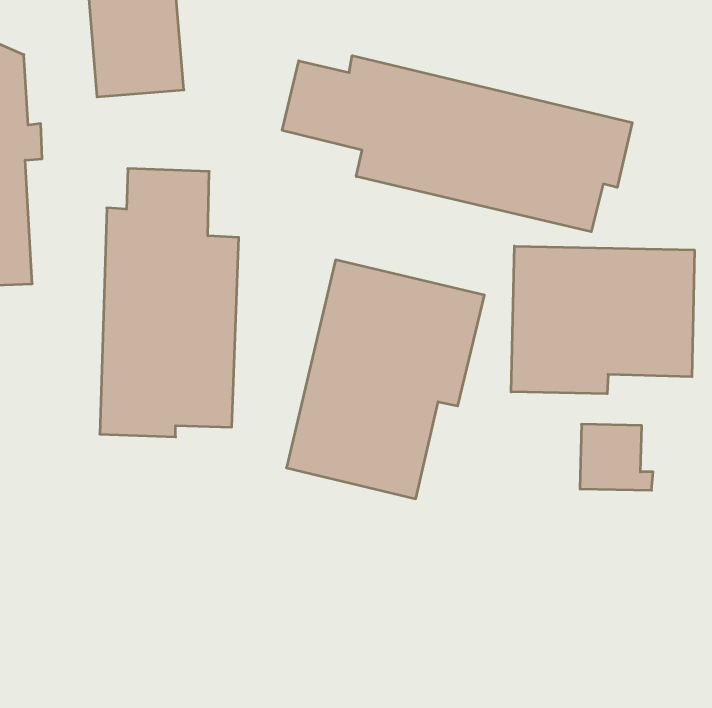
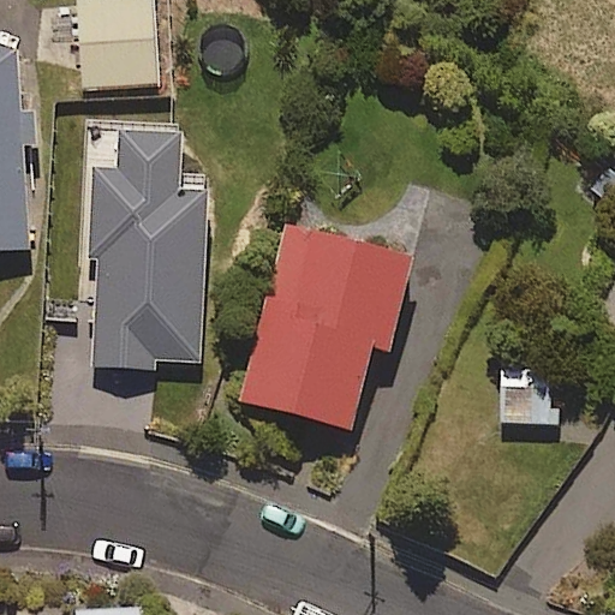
building: [282,56,632,232] -> none
building: [511,246,694,394] -> none

